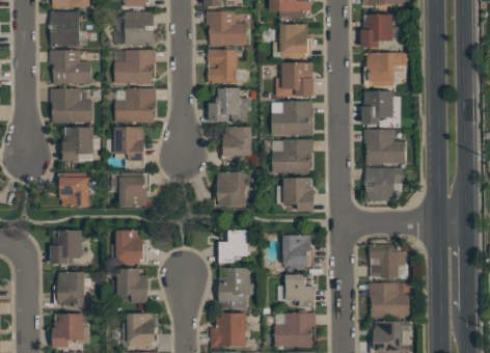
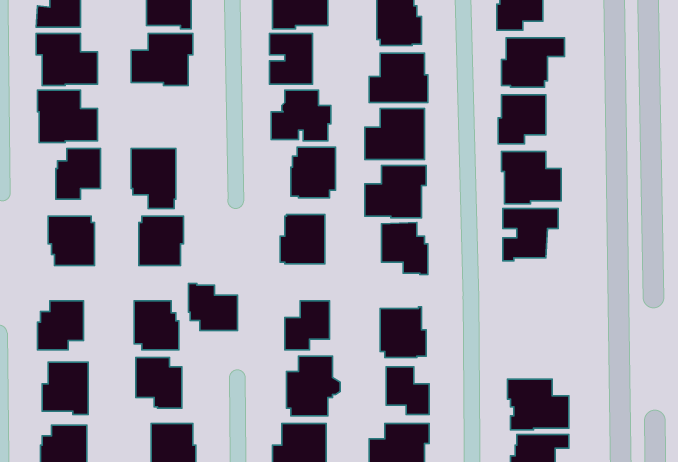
building: [115,88,156,124] -> none
building: none -> [189,284,237,331]
building: [370,244,399,278] -> none

